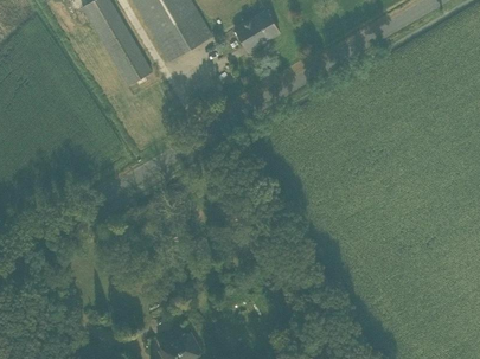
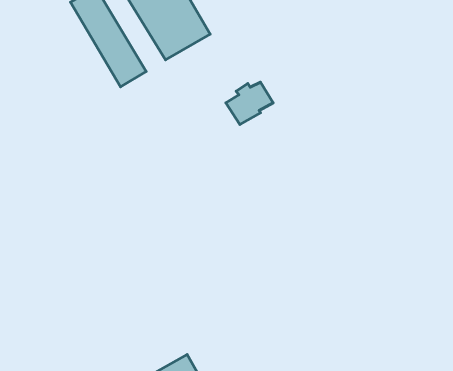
building: [235,13,279,52] -> [226,82,273,124]

